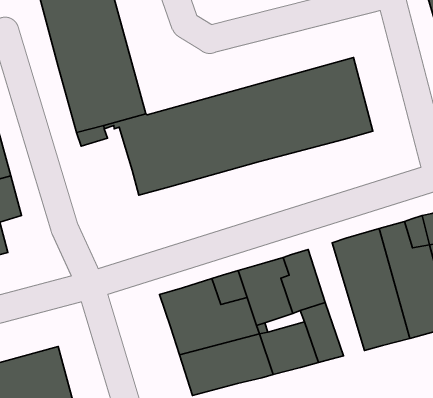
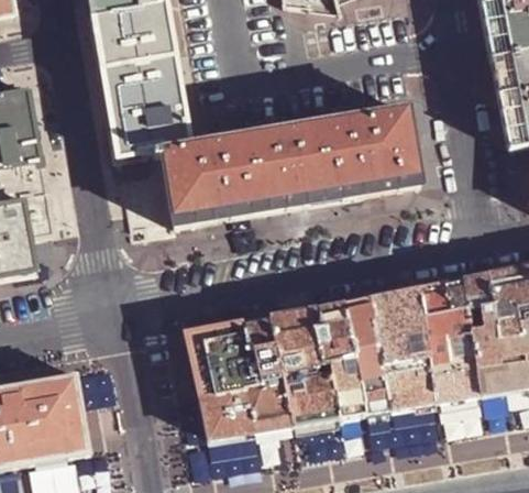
building: none -> [341,294,388,410]

